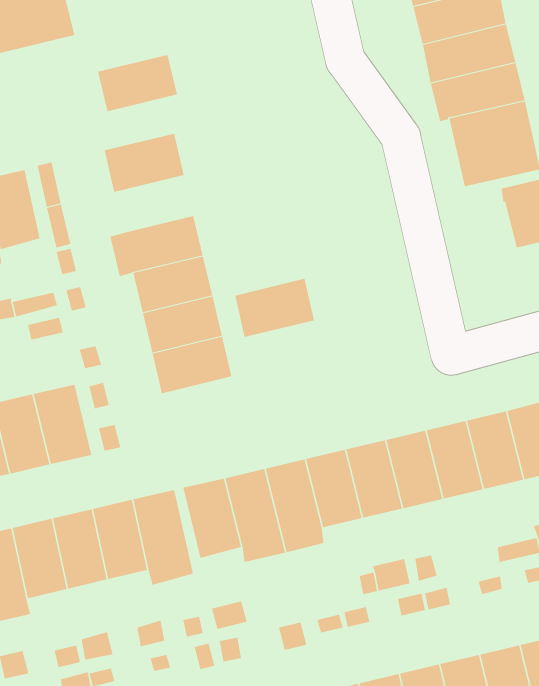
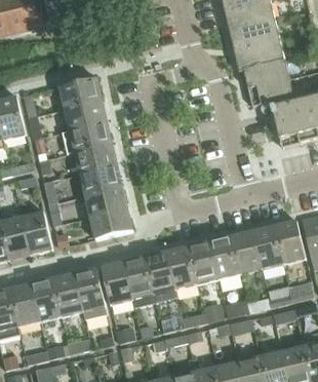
building: [97,54,178,112] -> [64,100,107,130]
building: [234,278,315,338] -> [89,207,132,239]

